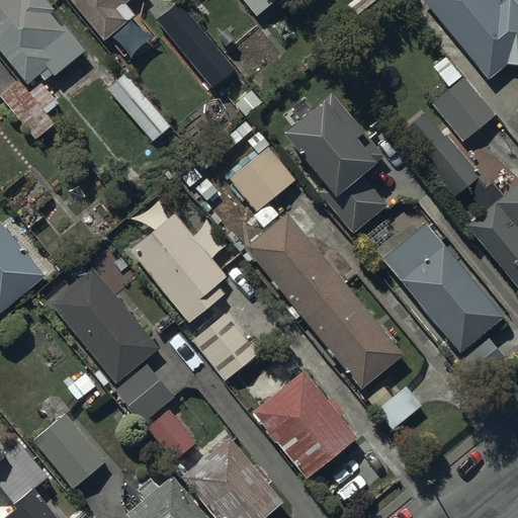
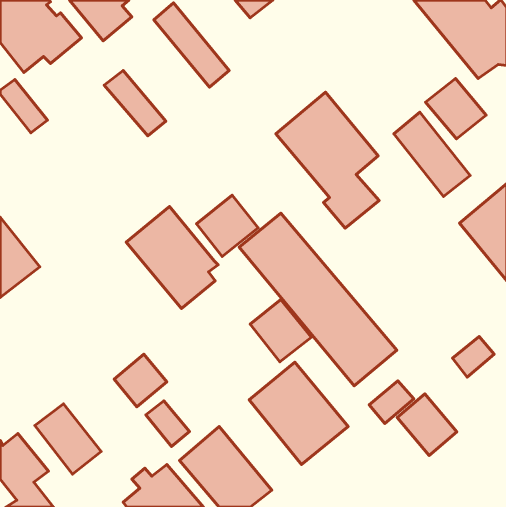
building: [230,145,292,207] -> [197,195,258,257]
building: [385,228,504,354] -> none
building: [58,274,157,380] -> none
building: [194,311,257,374] -> [250,299,312,362]
building: none -> [397,394,457,456]

